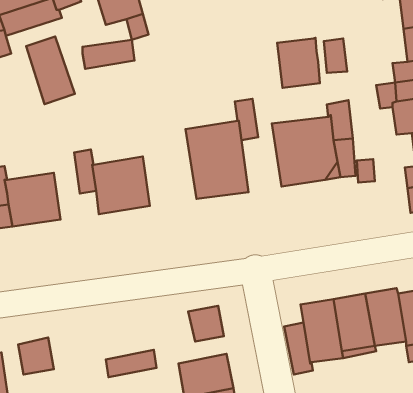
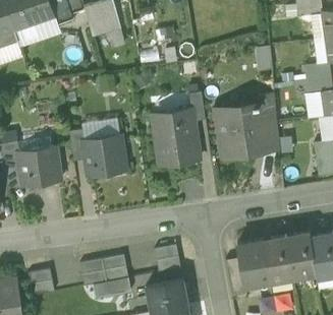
building: [26,37,75,104] -> none
building: [277,38,320,88] -> none
building: [83,40,135,69] -> [81,119,120,140]
building: none -> [79,255,128,286]

